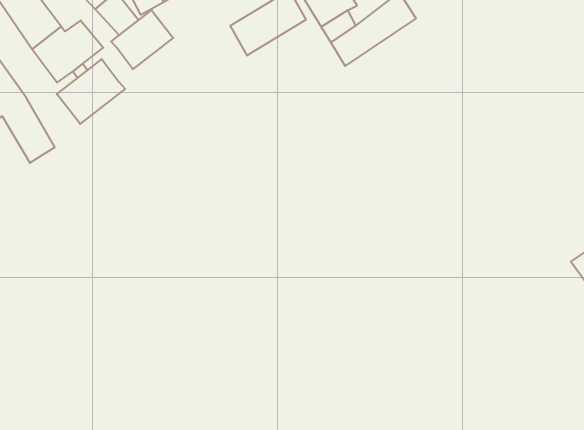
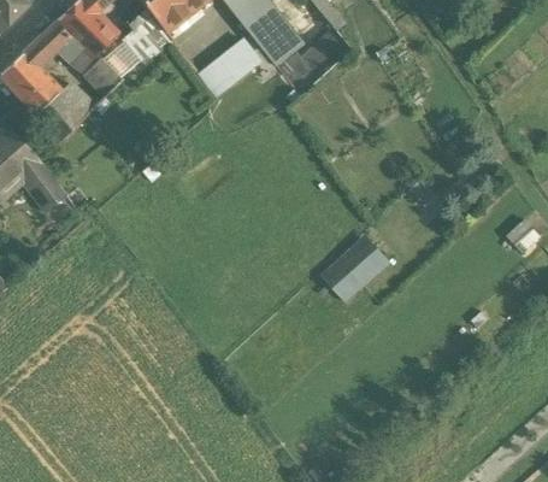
building: [111,10,173,69] -> none
building: [57,59,125,124] -> none
building: none -> [317,235,387,304]

